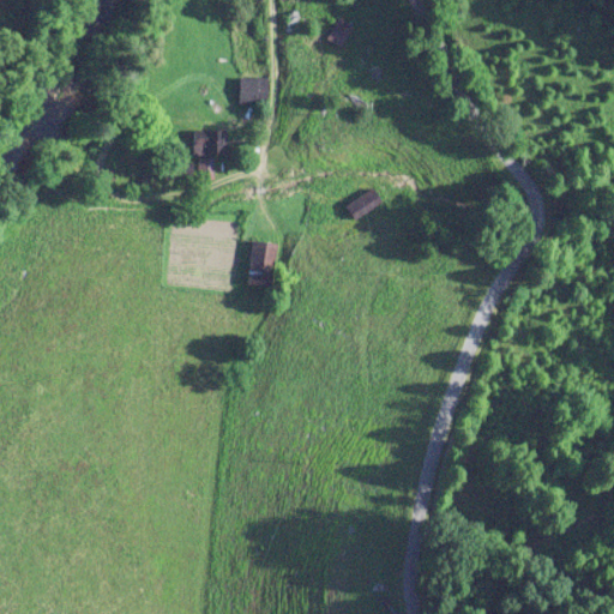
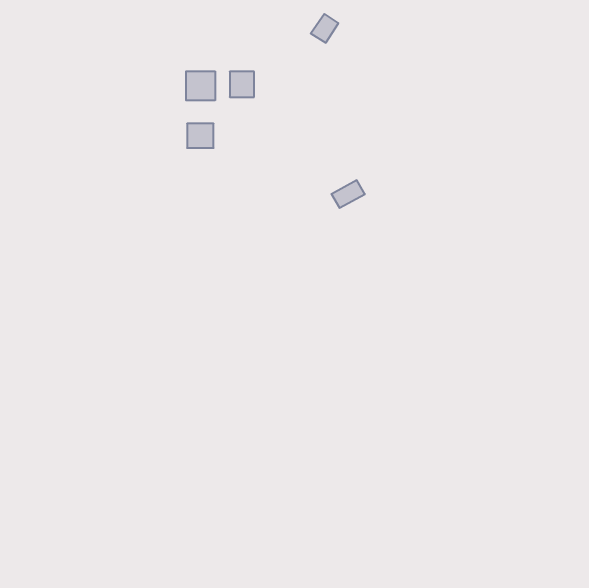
building: none -> [186,71,215,100]
building: [247,241,275,287] -> none

